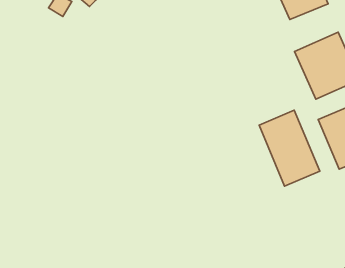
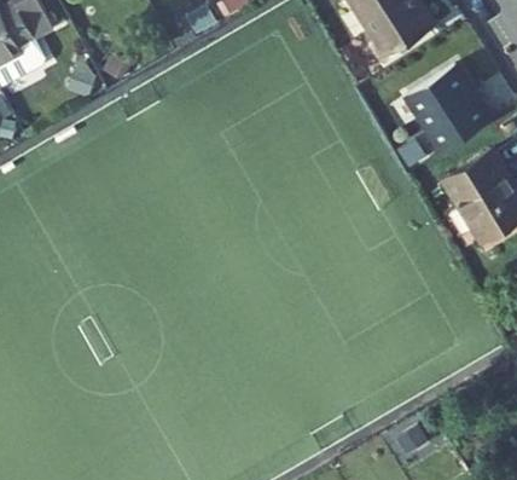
building: [259,110,320,186] -> none

